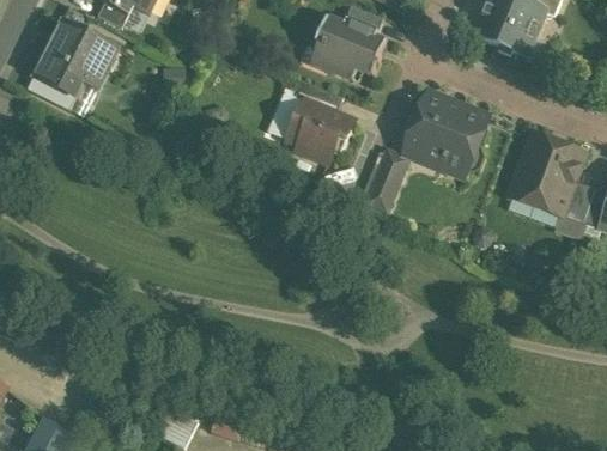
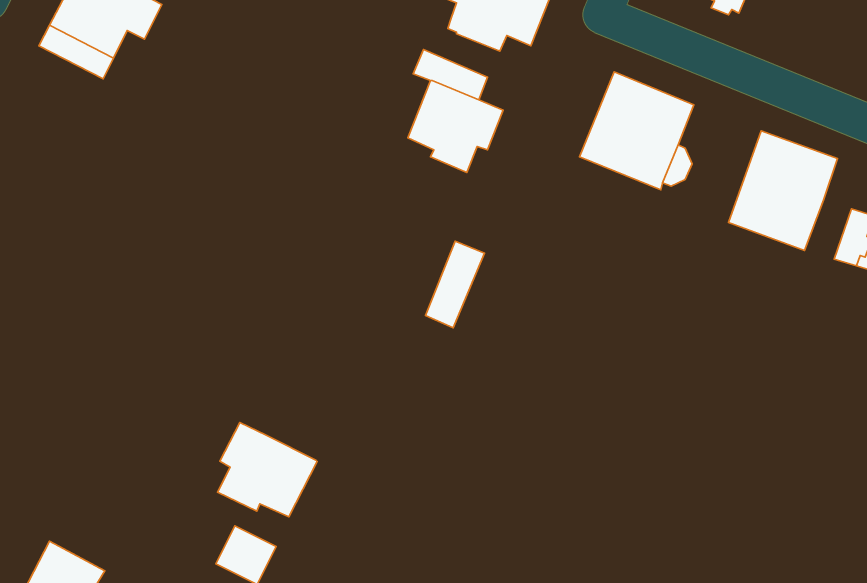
building: [365,150,406,209] -> [426,241,484,328]
building: [560,182,593,223] -> none
building: none -> [217,423,317,517]

